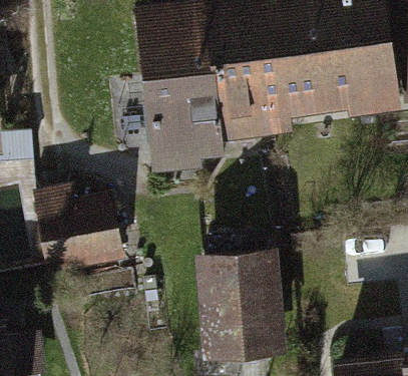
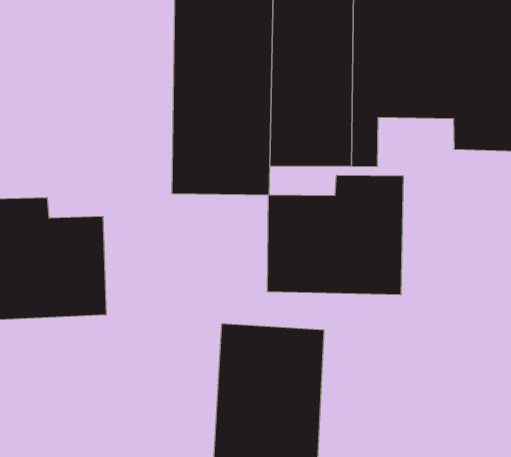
building: none -> [267,175,403,295]

